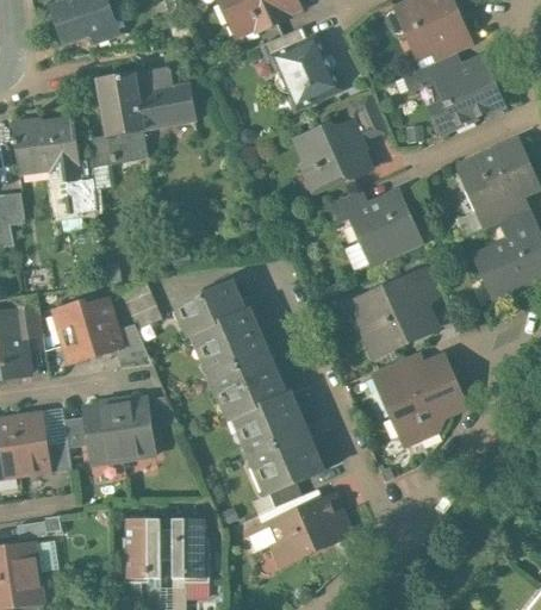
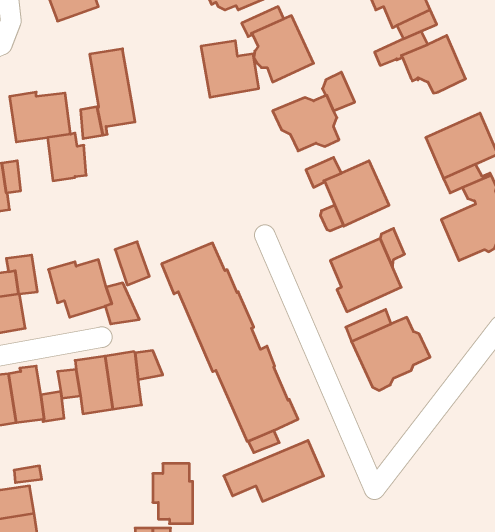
building: [133,69,195,130] -> [201,41,259,97]
building: [431,104,474,133] -> none
building: [123,516,166,583] -> none

